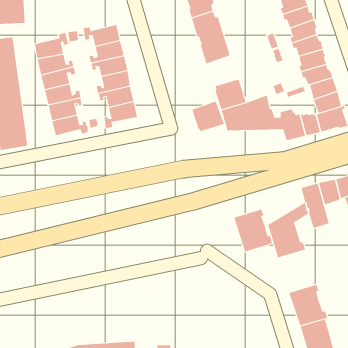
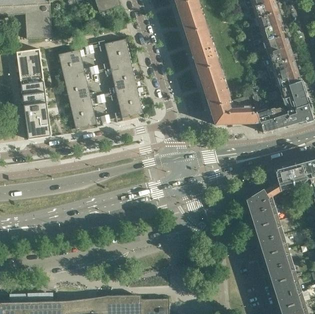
building: [192,101,225,132] -> [197,63,224,88]
building: [233,209,273,252] -> [255,220,287,255]

